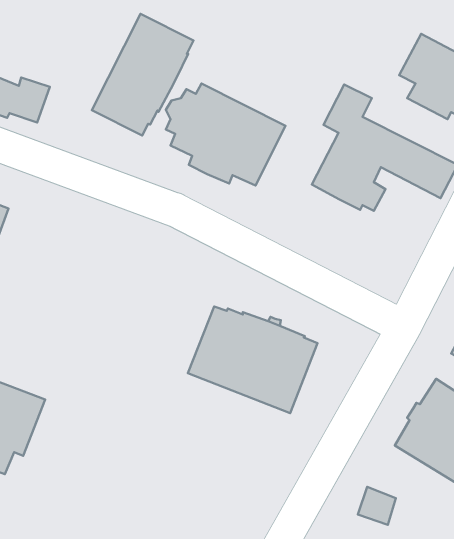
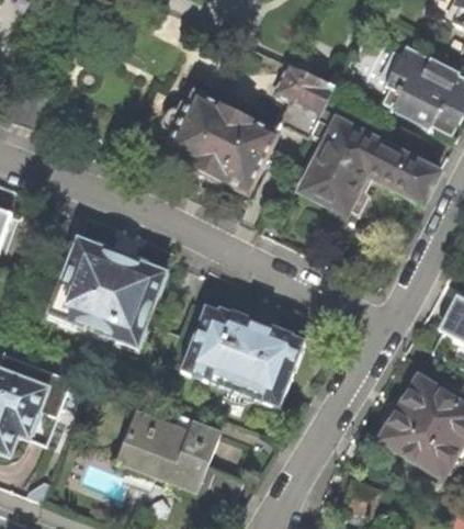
building: [92,14,193,135] -> none
building: none -> [278,63,335,135]
building: none -> [48,236,168,347]
building: none -> [117,408,245,504]

